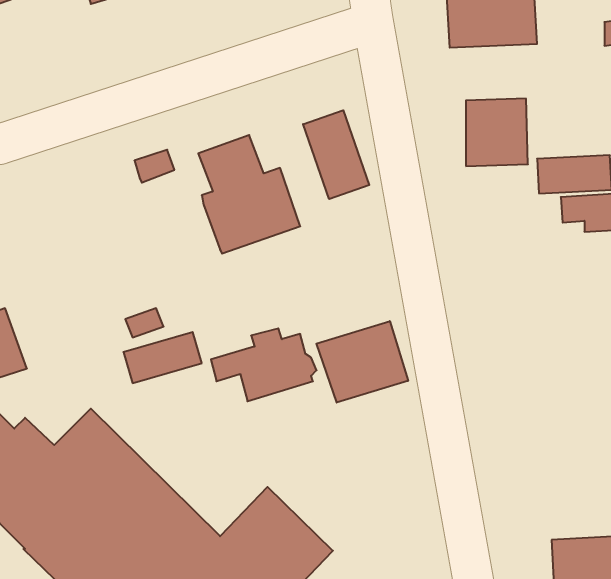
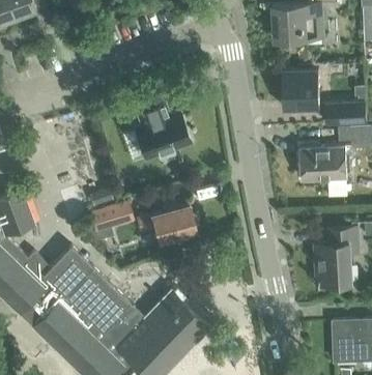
building: [303,110,369,199] -> none
building: none -> [299,146,351,197]
building: [316,321,408,403] -> none
building: none -> [314,228,359,285]

